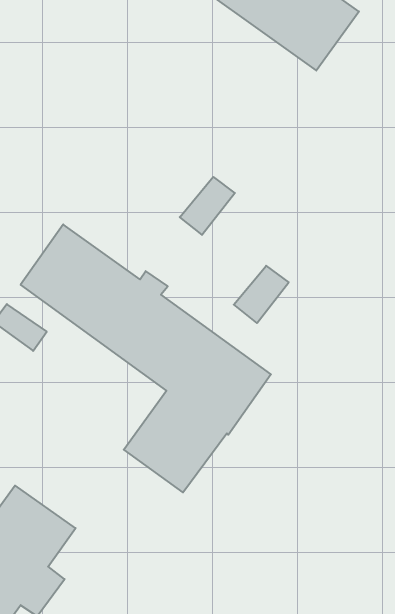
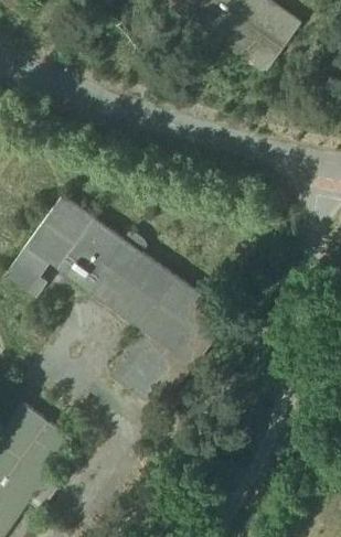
building: [180,177,235,235] -> none
building: [234,266,289,323] -> none

